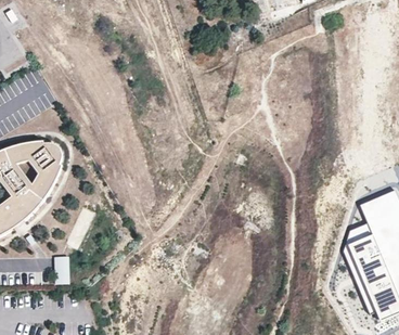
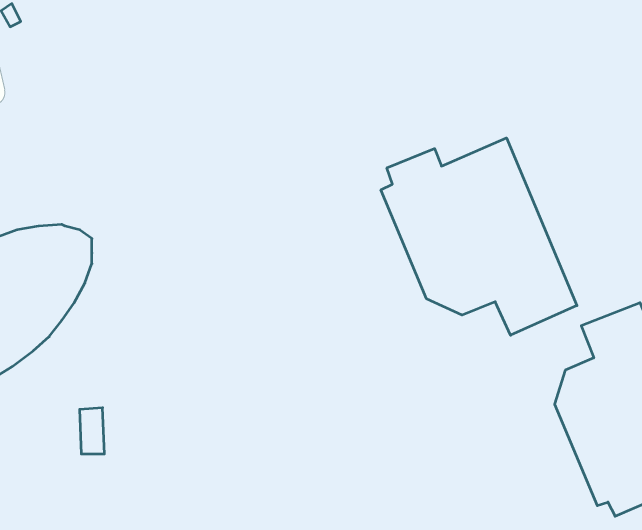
building: none -> [381,138,577,335]

